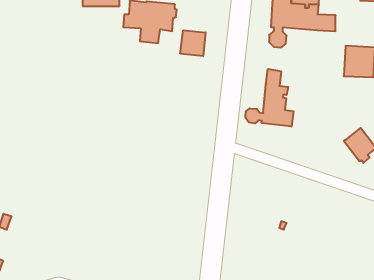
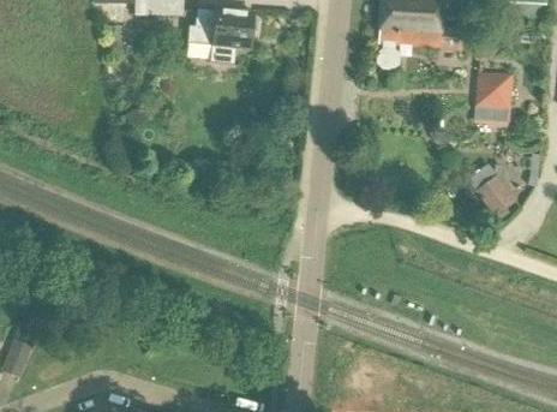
building: [180,30,206,56] -> none
building: [246,69,293,127] -> none

